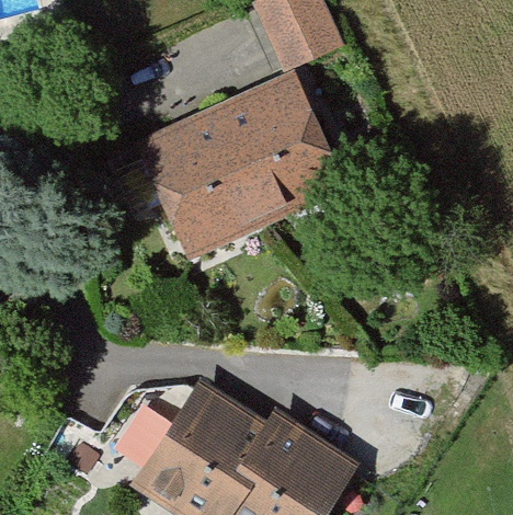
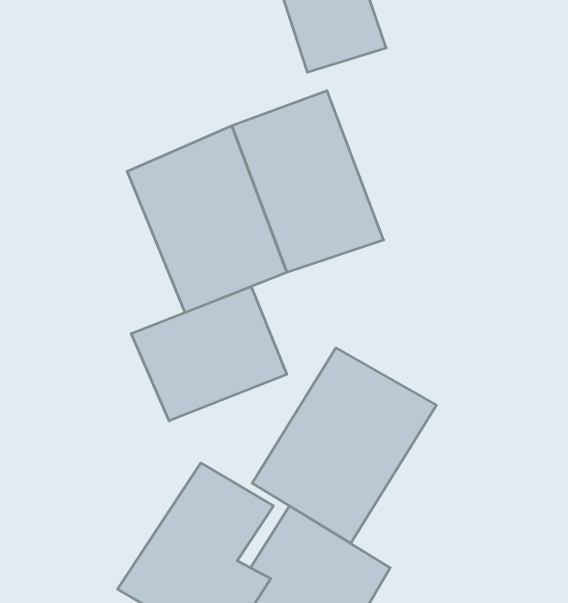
building: none -> [131,286,287,421]
building: none -> [252,348,436,543]

